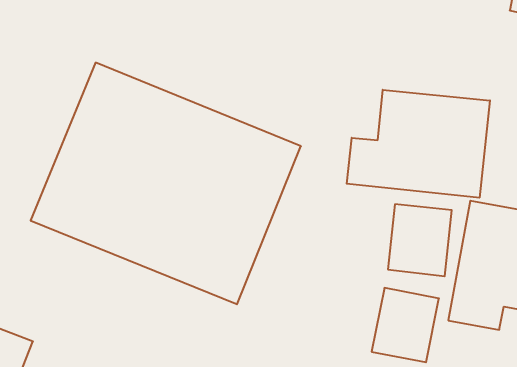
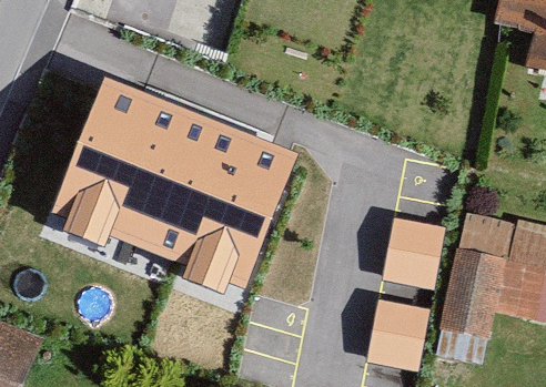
building: [347,90,490,198] -> none

